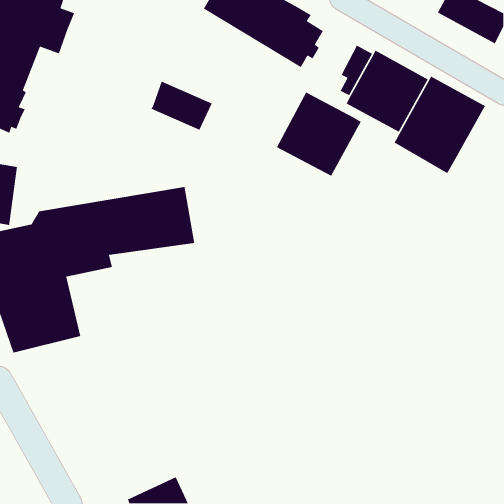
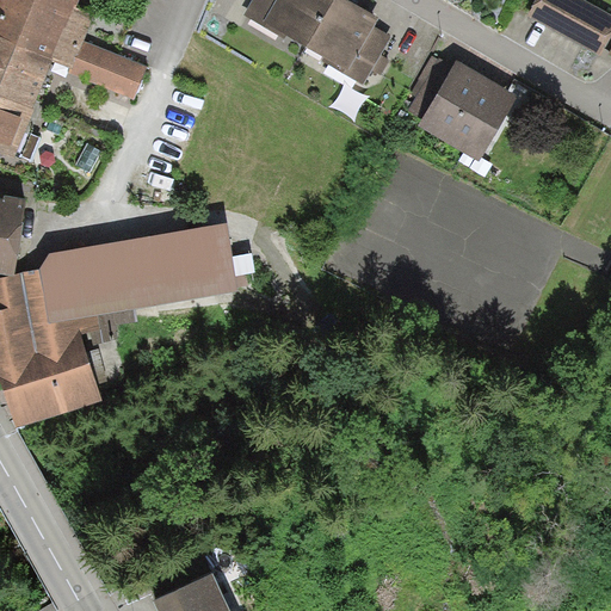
building: [393,75,486,174] -> none
building: [150,80,213,131] -> [69,36,144,97]
building: [276,91,362,177] -> none

